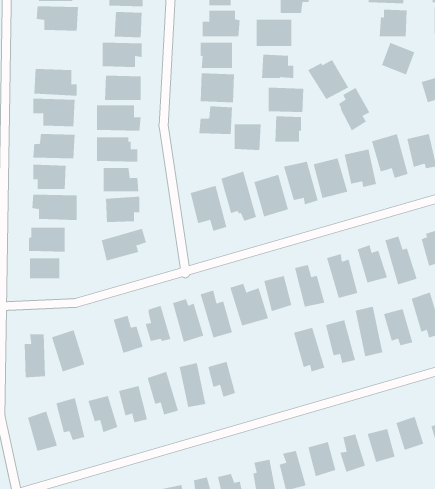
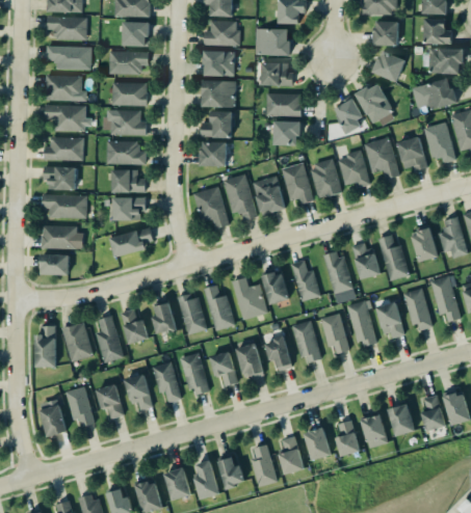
building: none -> [46,46,90,70]
building: [307,59,349,100] -> [355,84,394,123]
building: [234,124,261,150] -> [202,142,228,167]
building: none -> [97,316,123,362]
building: none -> [265,336,292,371]
building: none -> [237,343,264,379]

